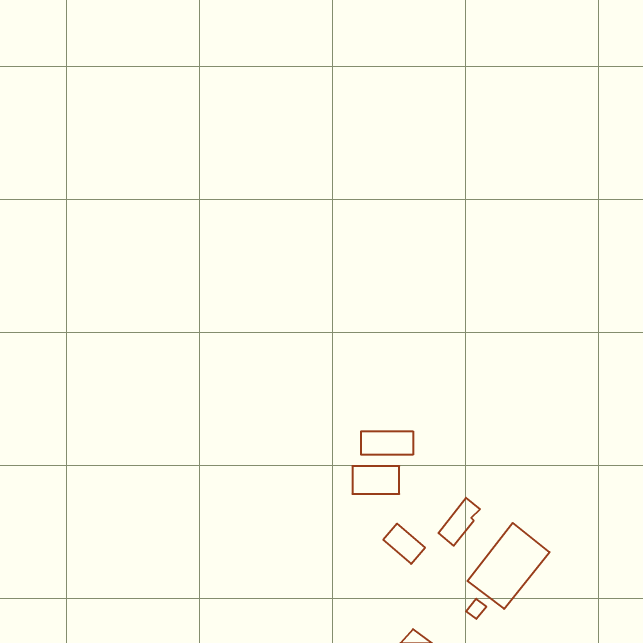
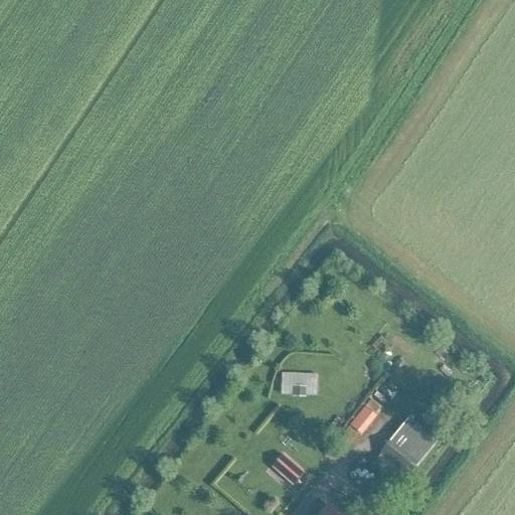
building: [361,431,413,455] -> none
building: [383,524,425,564] -> [271,454,304,486]

